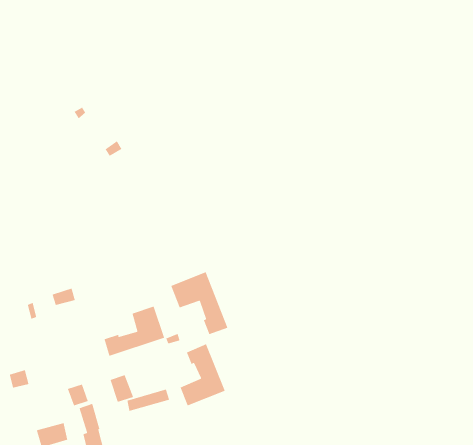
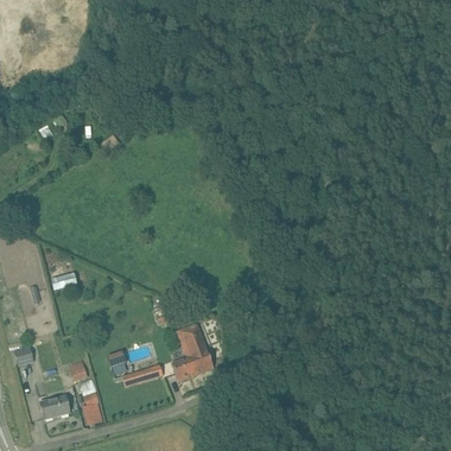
building: [170,271,229,335] -> none
building: [104,306,165,357] -> none

